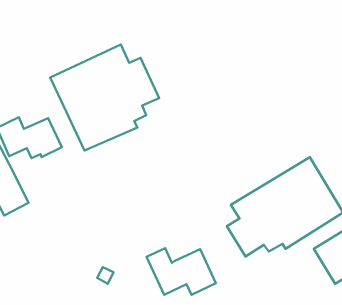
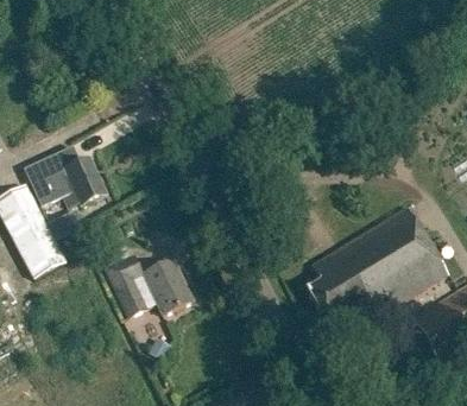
building: [50,44,159,151] -> none
building: [146,248,216,295] -> [108,259,193,316]

